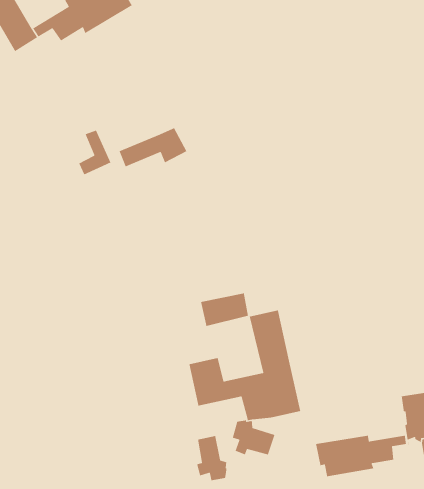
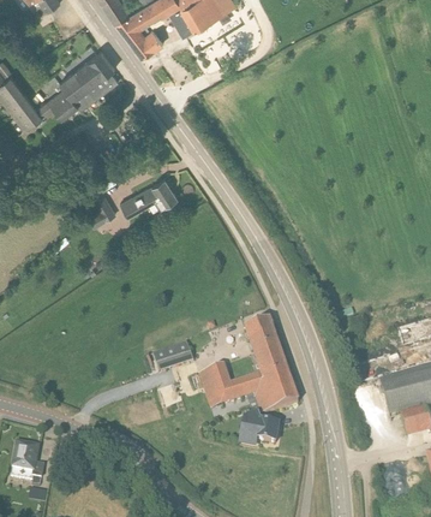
building: [200,292,249,327] -> [152,338,194,370]
building: [315,435,407,477] -> none
building: [196,435,228,481] -> none

